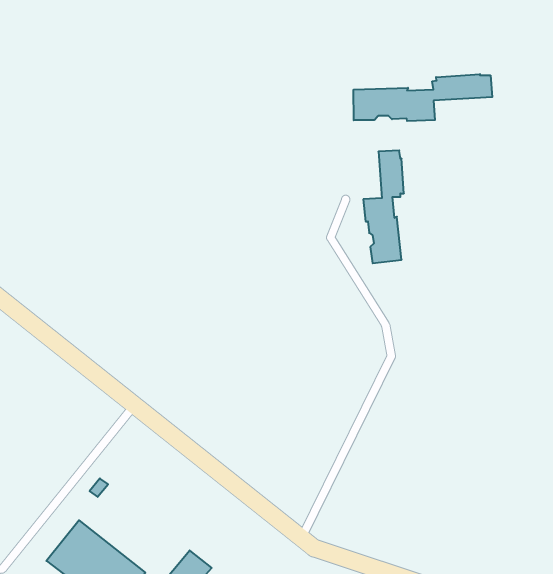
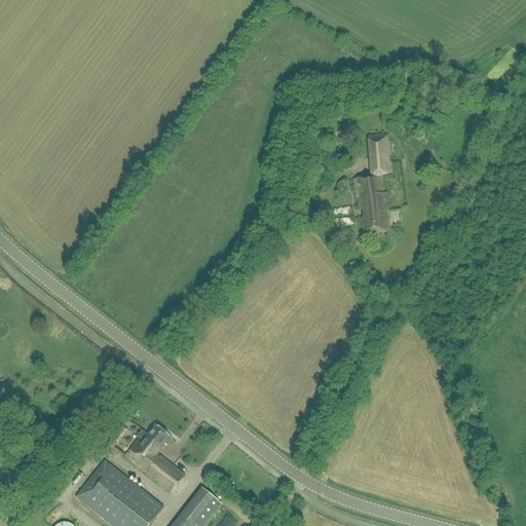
building: [354,74,492,121] -> none
building: none -> [124,423,183,491]

